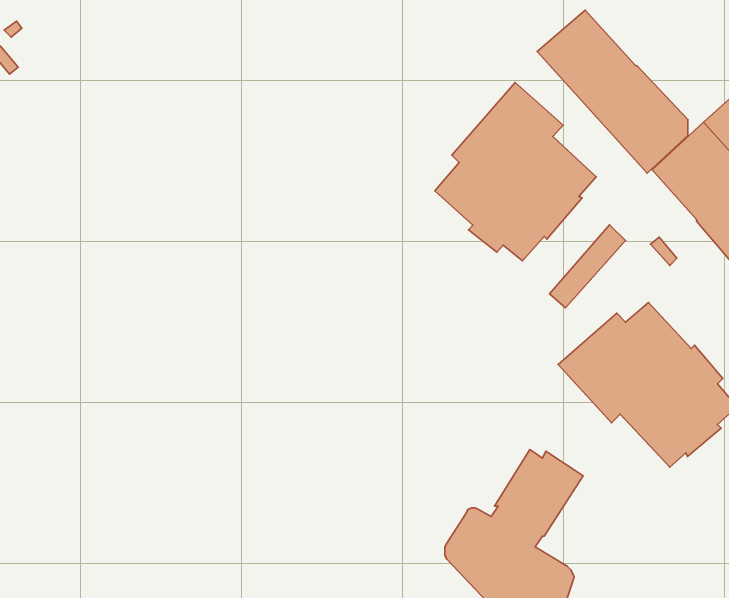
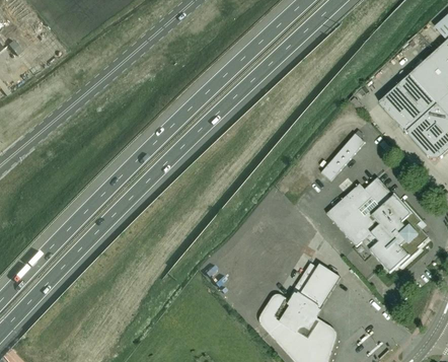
building: [537,10,688,173] -> none
building: [435,82,596,261] -> none

